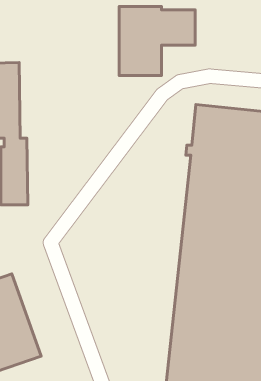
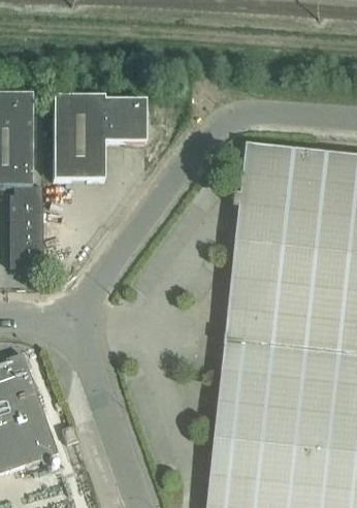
building: [119,7,195,75] -> [51,94,143,179]

